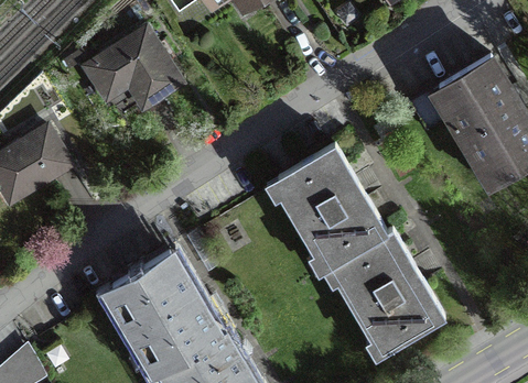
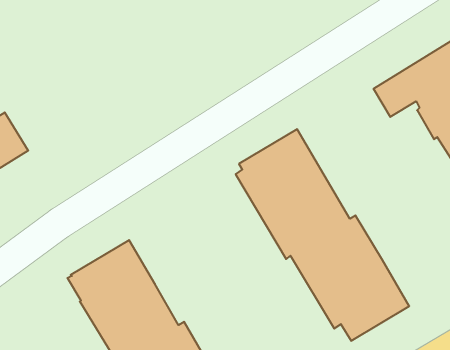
building: [86,32,182,110] -> none

